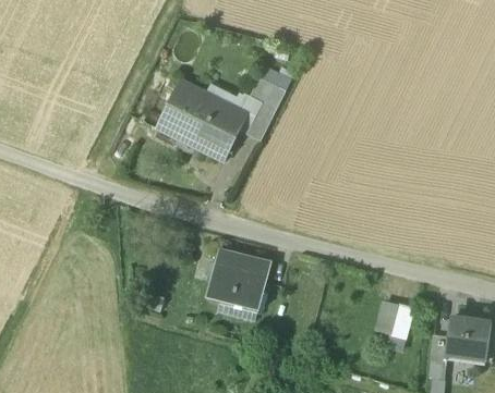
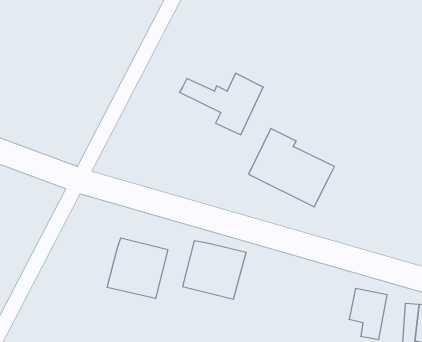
building: [157,79,245,160] -> [249,128,334,207]
building: none -> [107,238,168,299]

